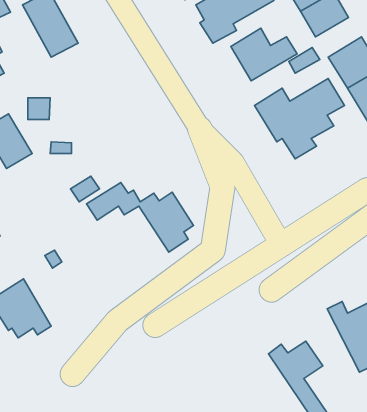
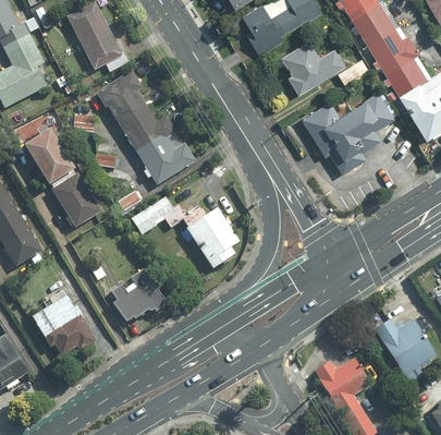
building: none -> [364,28,411,69]
building: none -> [98,70,195,184]
building: none -> [51,172,101,227]
building: none -> [111,268,168,324]

